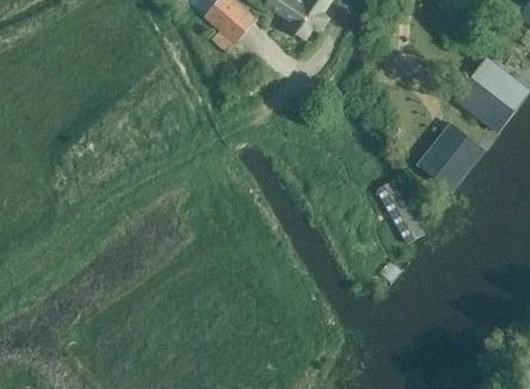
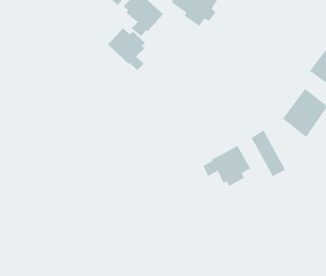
building: none -> [107,28,146,71]
building: none -> [203,145,251,187]

